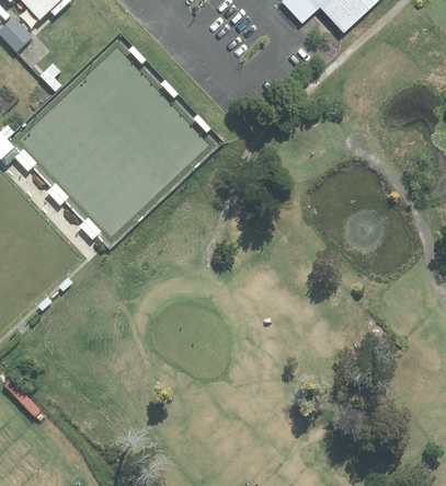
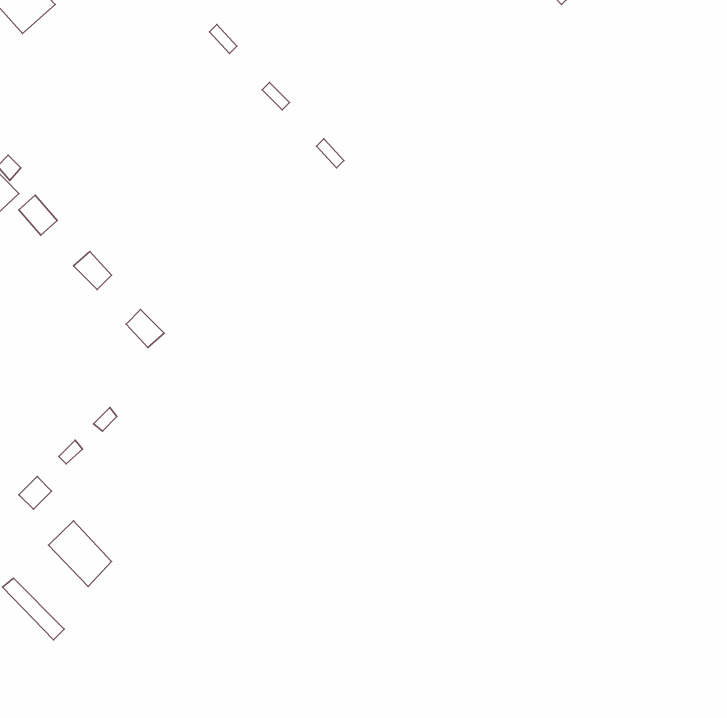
building: none -> [48,521,111,587]

